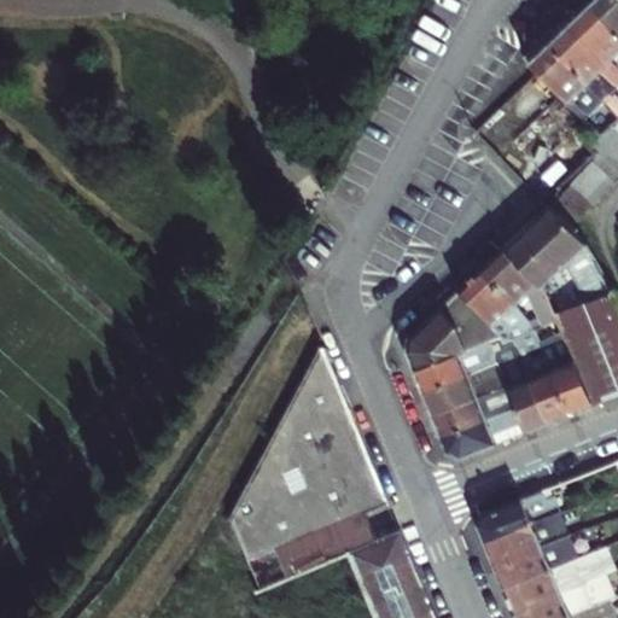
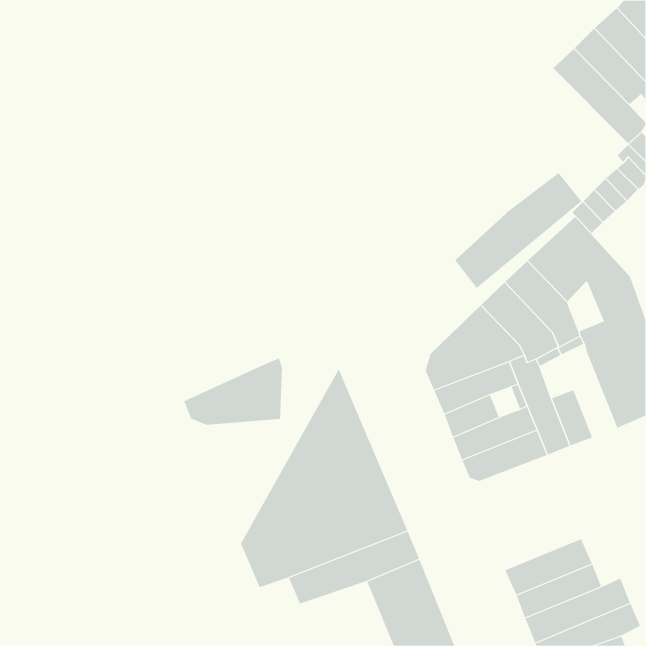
building: none -> [454,172,582,289]
building: [548,337,589,418] -> none
building: none -> [183,358,282,426]
building: [474,494,555,544] -> none

